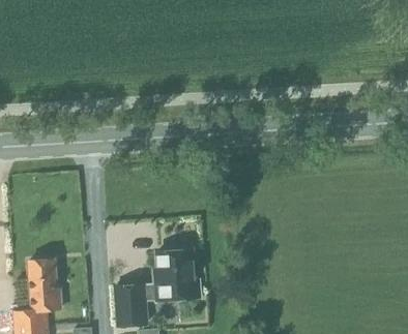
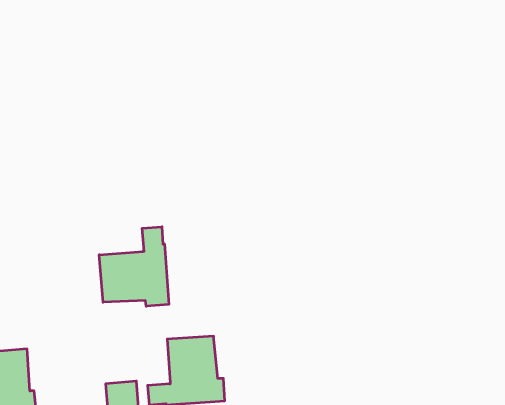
building: none -> [99,227,169,306]

